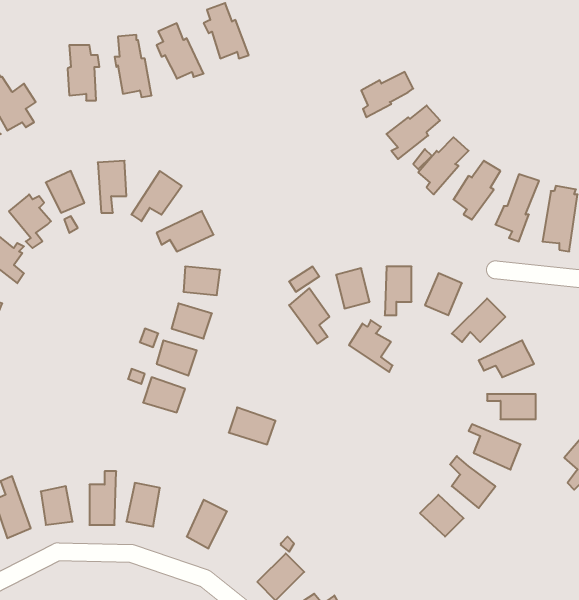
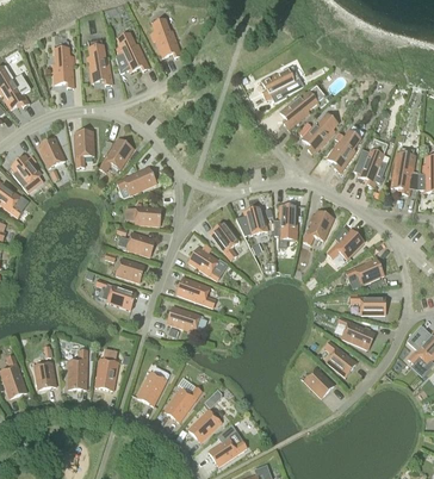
building: [349,320,393,372] -> [188,243,219,280]
building: none -> [176,276,216,307]
building: none -> [163,385,201,422]

